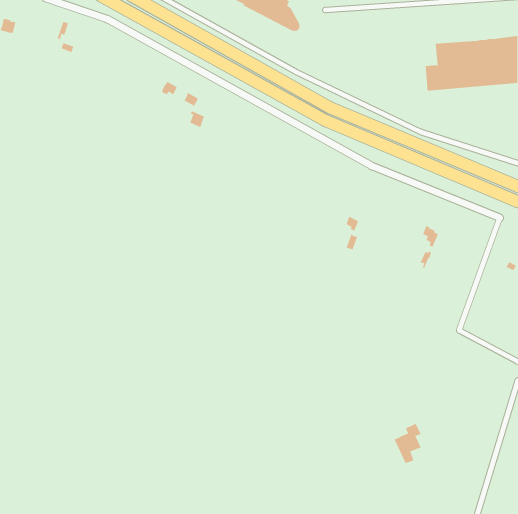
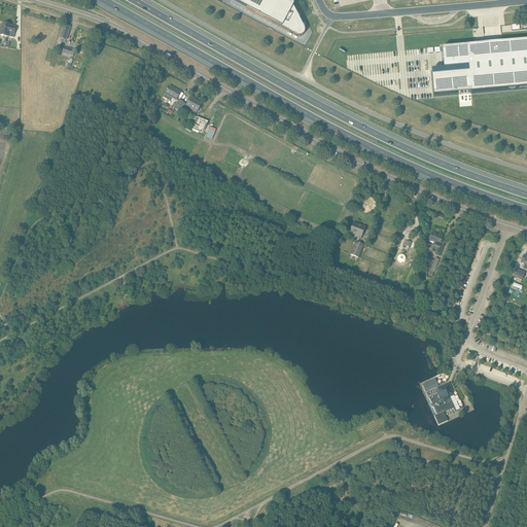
building: [394,423,421,464] -> [426,380,454,421]

